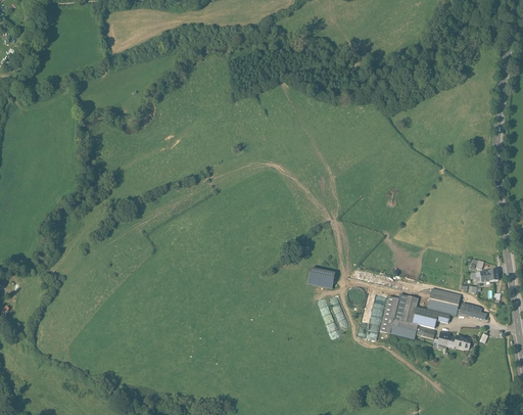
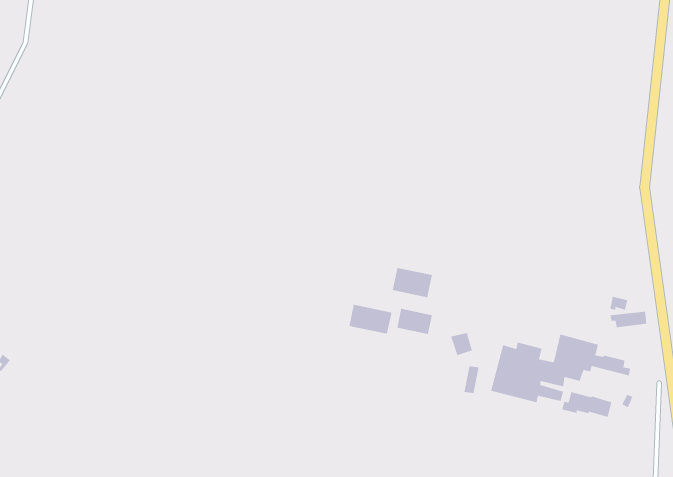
building: none -> [392,267,433,298]
building: none -> [348,304,393,335]

